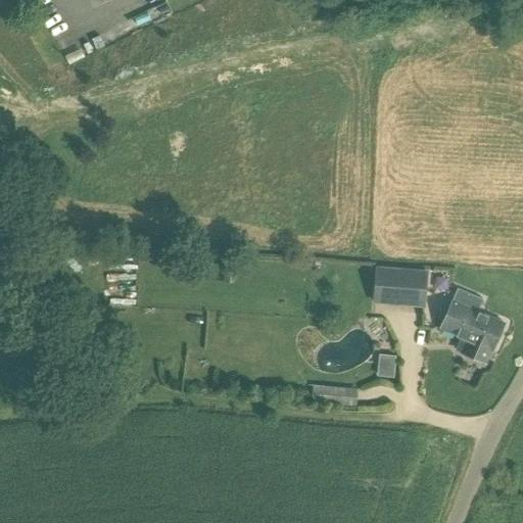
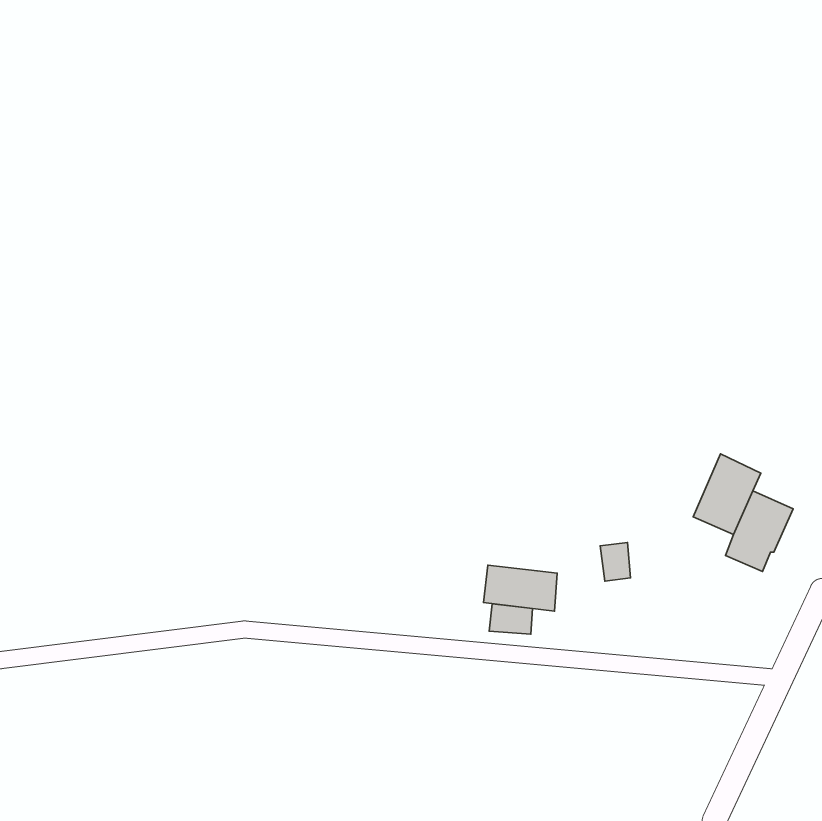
building: [372,266,427,306] -> none
building: none -> [483,565,557,611]

